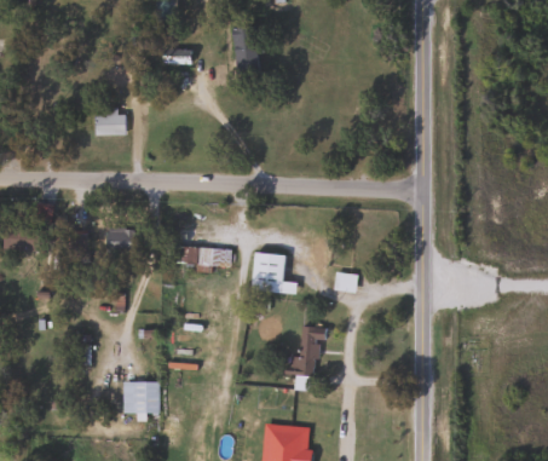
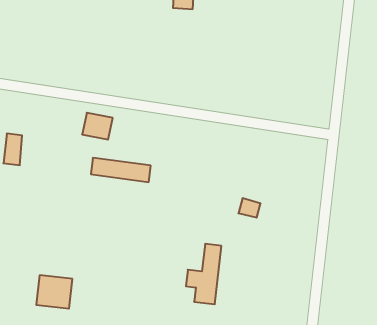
building: [94,111,127,136] -> none
building: [105,227,137,254] -> [82,113,113,140]
building: [250,253,296,294] -> none

